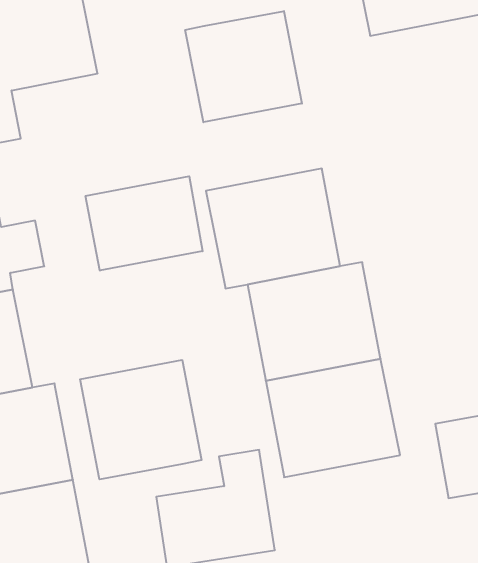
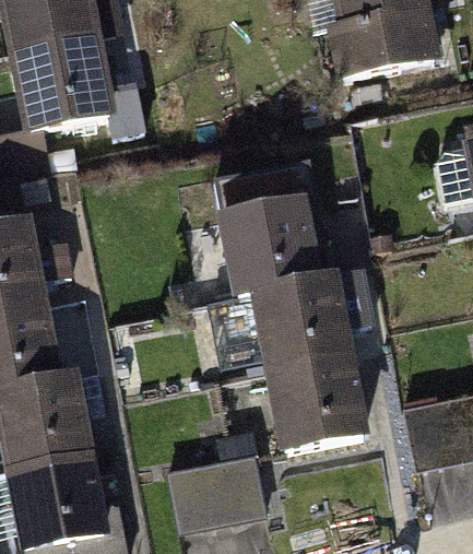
building: [185,11,302,122] -> none
building: [86,176,203,271] -> none
building: [80,360,202,479] -> none

